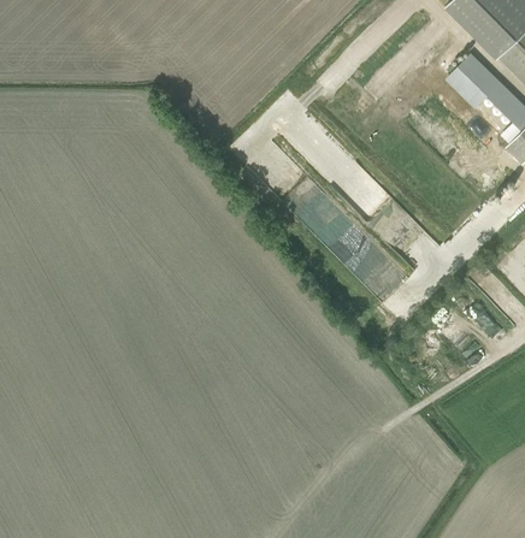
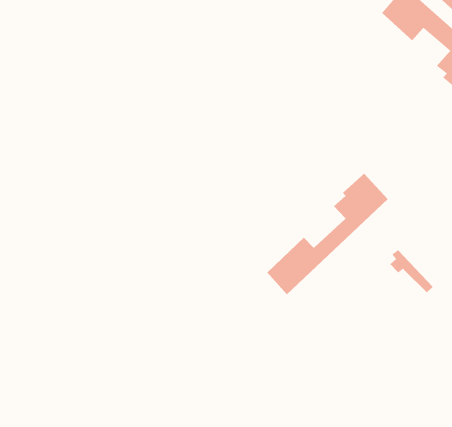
building: none -> [266,173,388,295]

